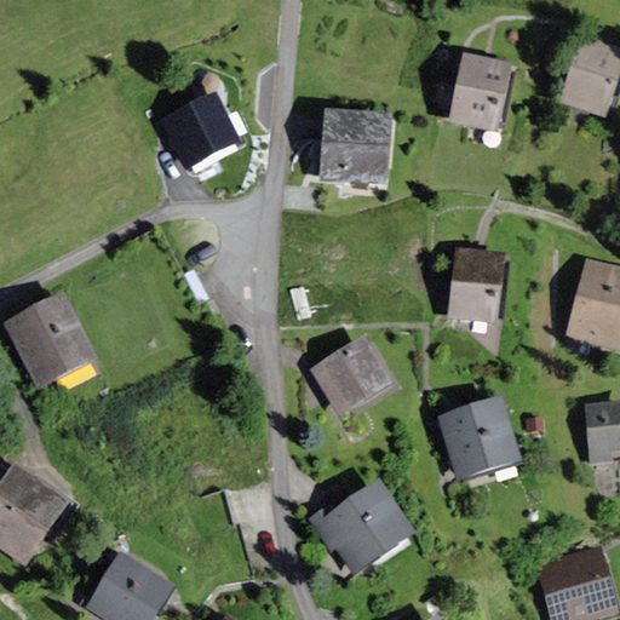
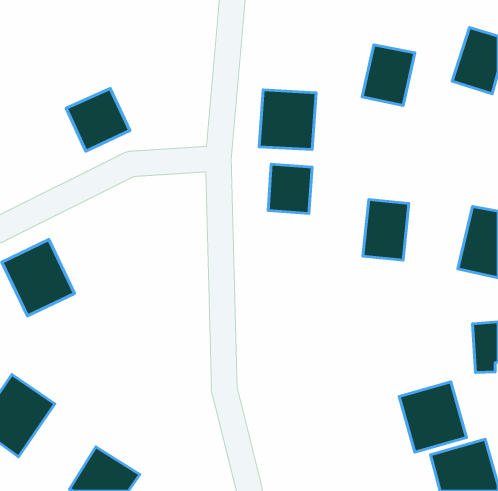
building: [162,91,241,168] -> [66,89,130,151]
building: none -> [268,164,312,214]
building: [308,334,392,415] -> none
building: [438,395,522,482] -> [399,382,467,452]
building: [305,476,417,576] -> none

